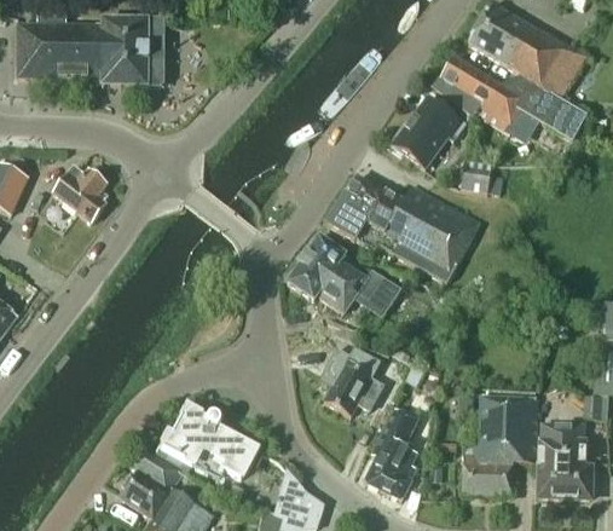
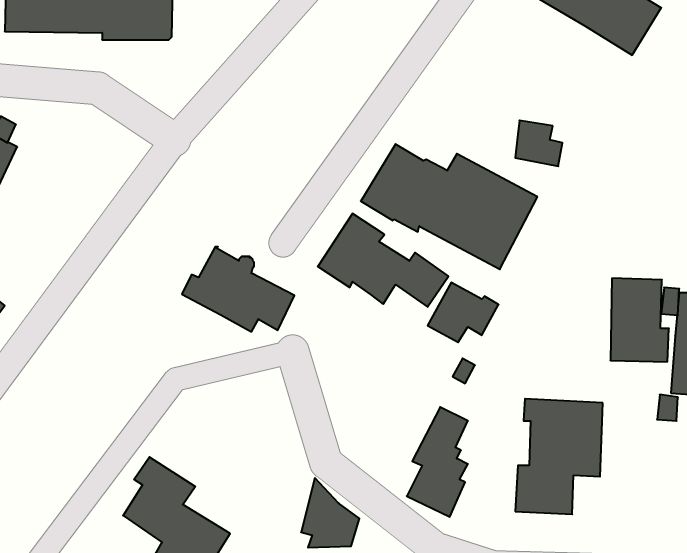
building: [435,54,589,140] -> none
building: [391,96,464,165] -> none
building: [53,163,108,220] -> none
building: [324,363,386,415] -> [428,282,499,342]
building: [160,405,258,479] -> [182,247,294,332]
building: [539,422,590,495] -> [610,278,669,362]

